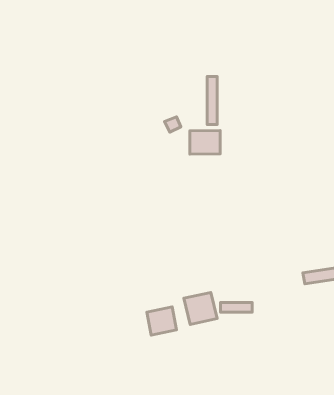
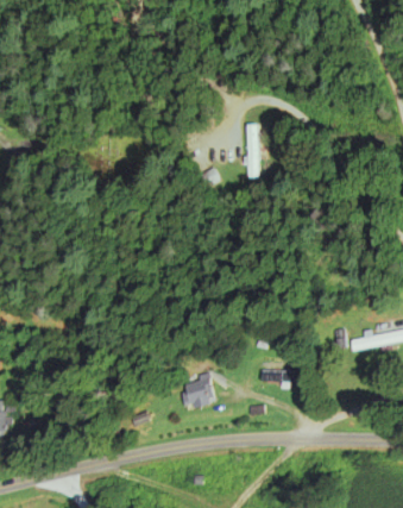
building: [190,130,220,154] -> none
building: [184,292,217,324] -> none

